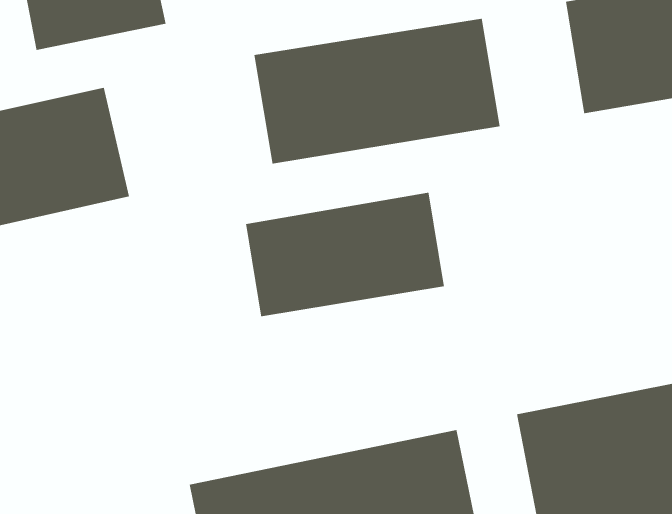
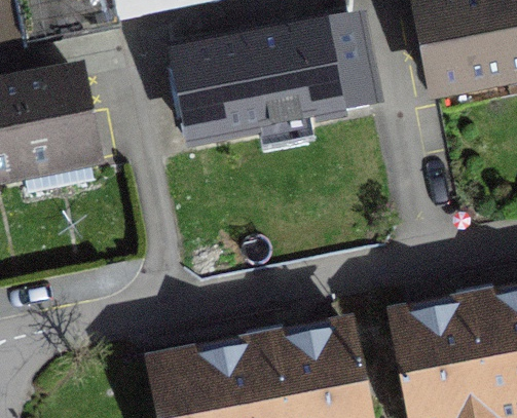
building: [246,192,445,317] -> none

